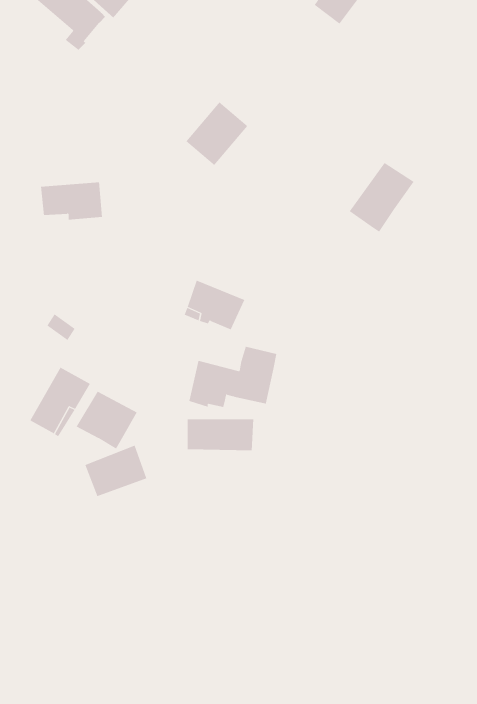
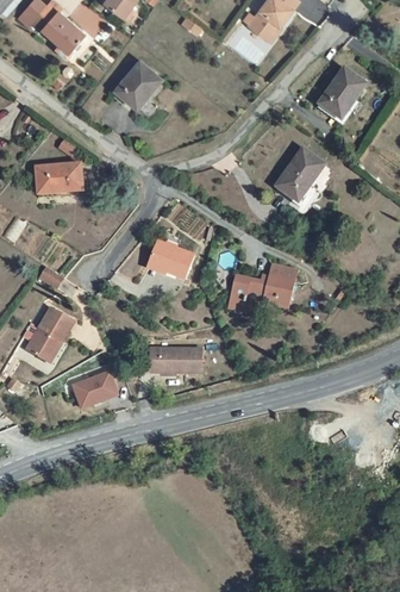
building: none -> [317,67,367,120]
building: [186,102,248,166] -> [113,60,162,110]
building: [189,346,277,407] -> [226,263,295,311]
building: [76,391,137,450] -> none

